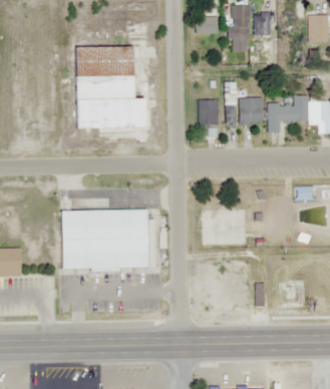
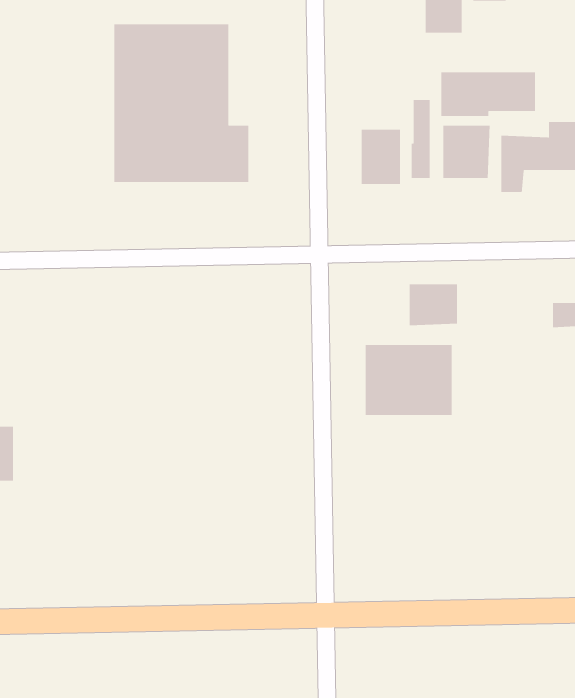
building: none -> [440,72,536,117]
building: none -> [409,283,458,326]
building: [61,210,151,270] -> none

